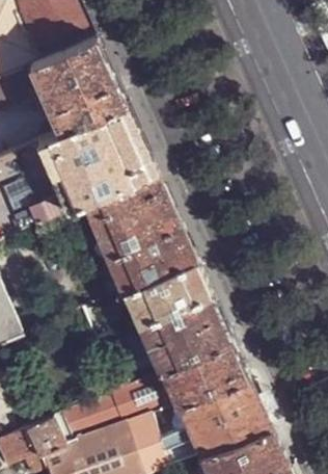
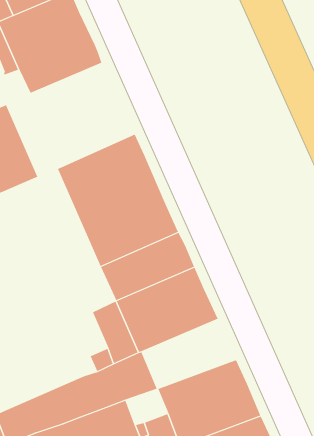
building: [35,102,154,207] -> none
building: [160,338,247,402] -> none

